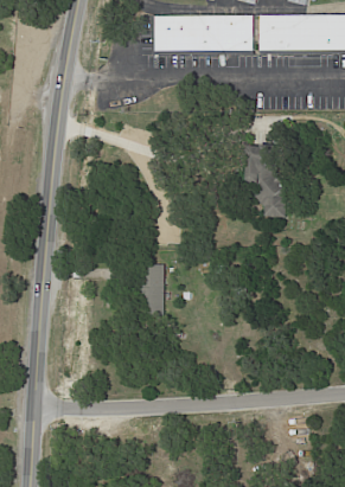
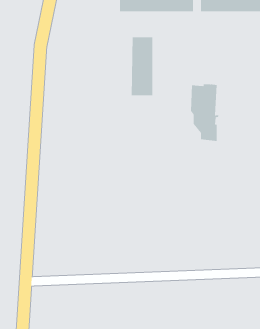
building: none -> [131,36,153,96]
building: [141,264,164,318] -> none

